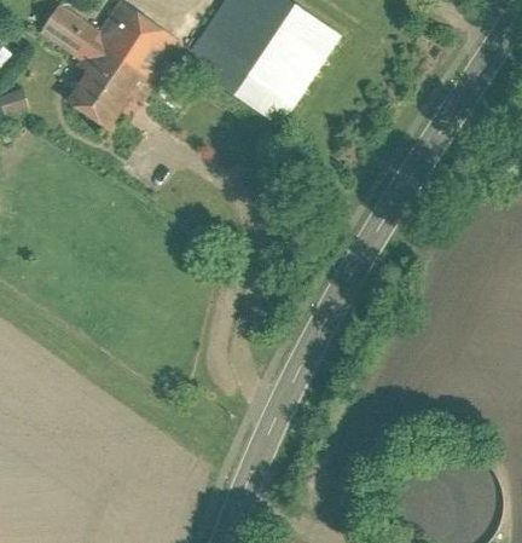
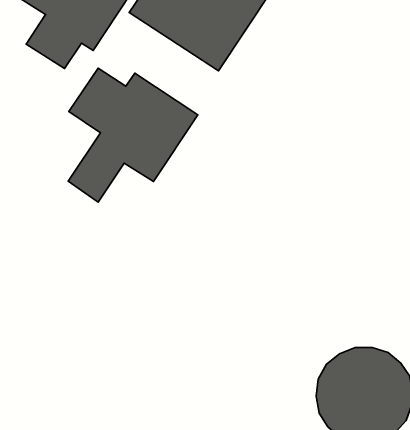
building: none -> [68,68,198,202]

